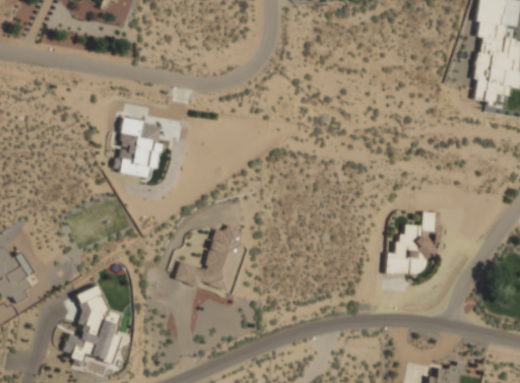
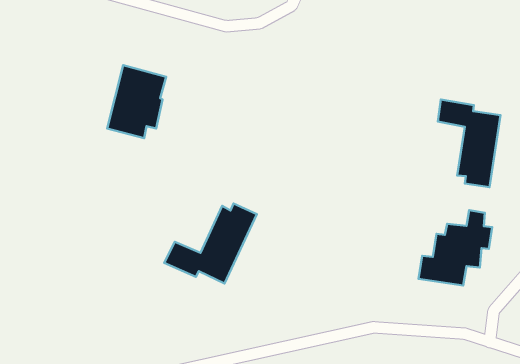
building: none -> [438,99,500,187]
building: [63,285,119,363] -> none

